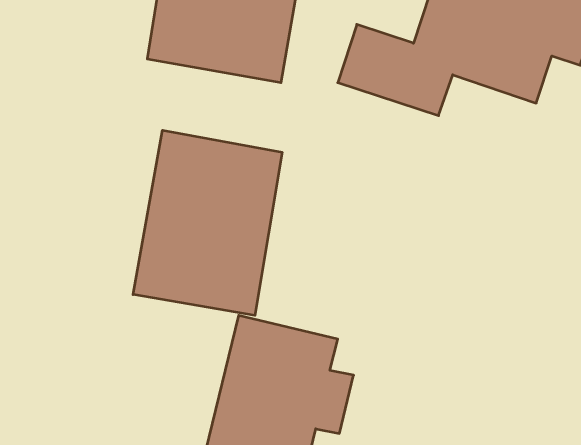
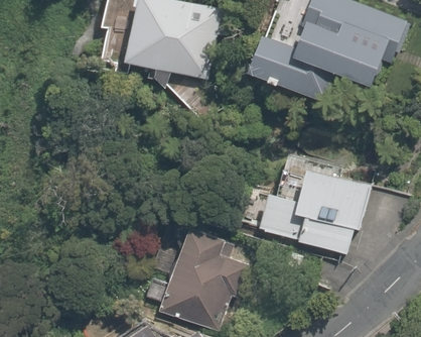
building: [133,130,282,315] -> none
building: none -> [255,154,371,252]

